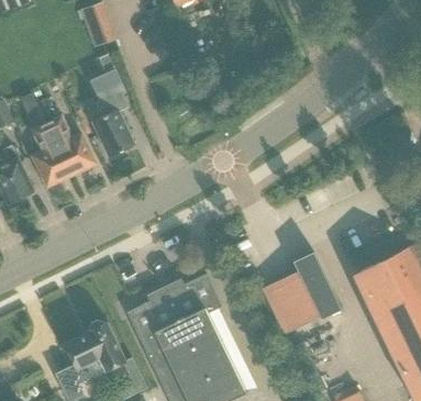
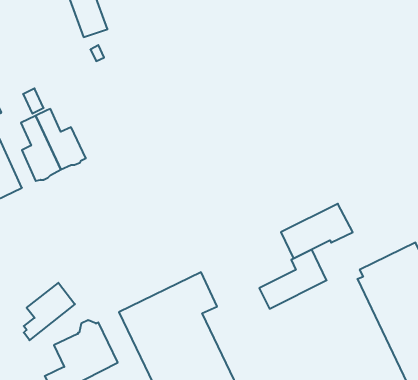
building: [91,70,134,156] -> none
building: [272,280,341,333] -> [281,204,353,259]
building: none -> [24,283,75,340]

